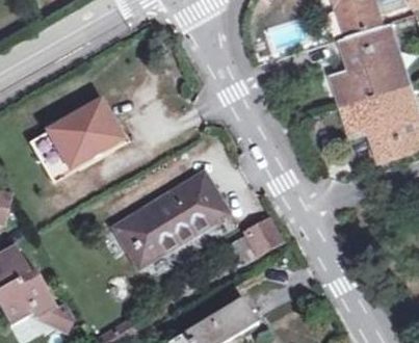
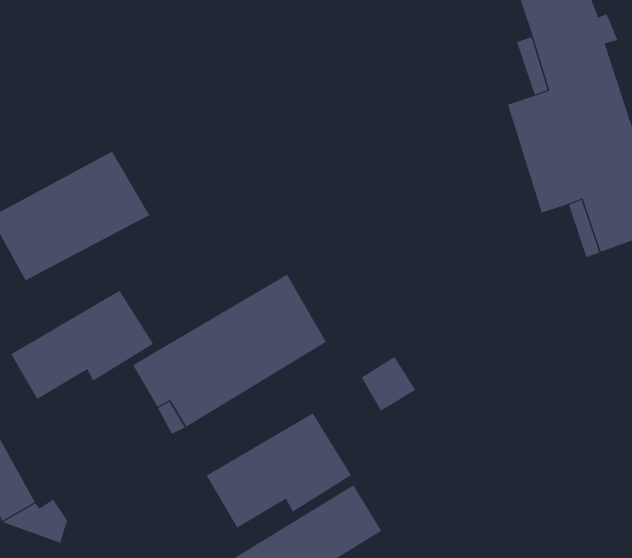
building: none -> [10,290,154,400]
building: none -> [206,413,352,528]

